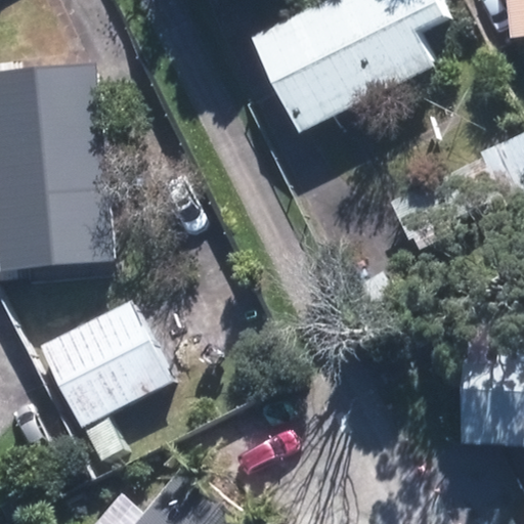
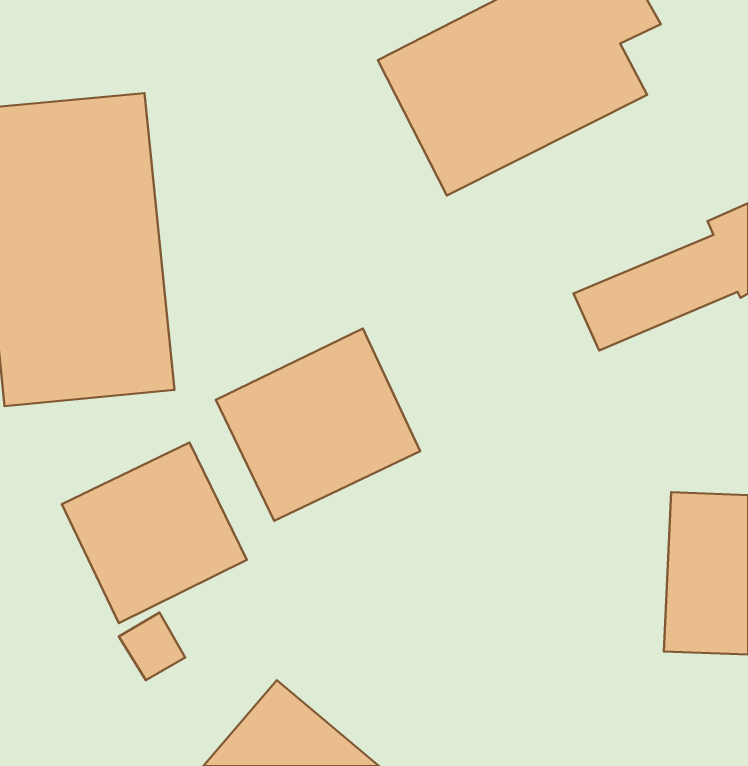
building: none -> [216,329,420,521]

